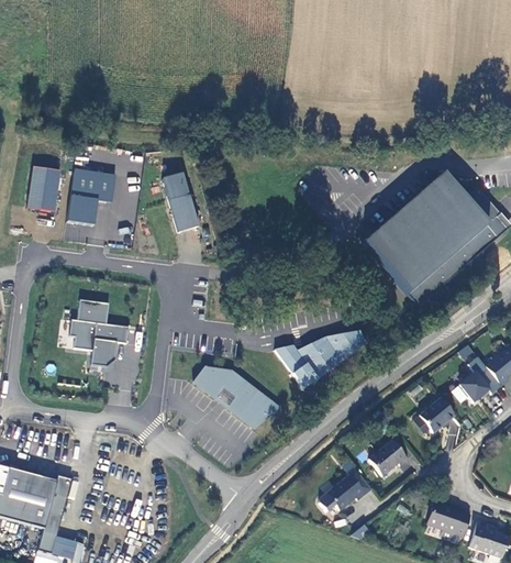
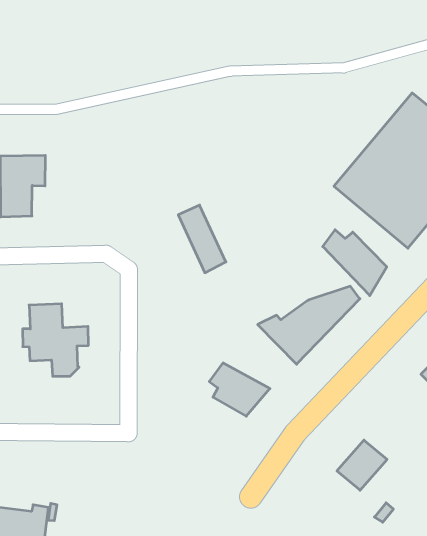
building: [162,169,197,229] -> [178,205,226,273]
building: none -> [323,230,387,296]
building: [193,368,242,399] -> none
building: [368,439,406,474] -> none

